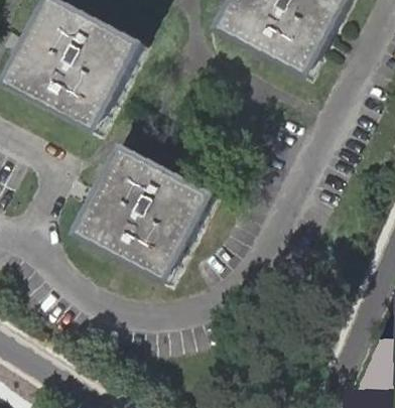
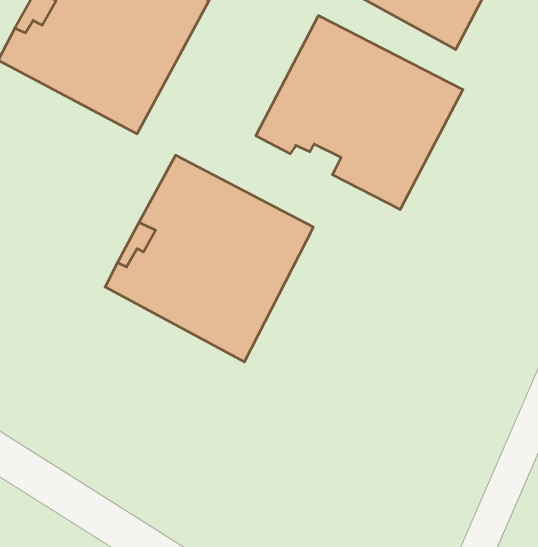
building: none -> [256,16,463,210]

